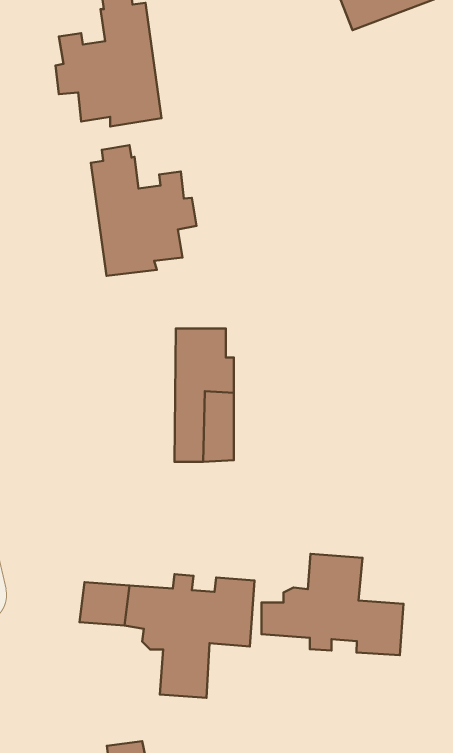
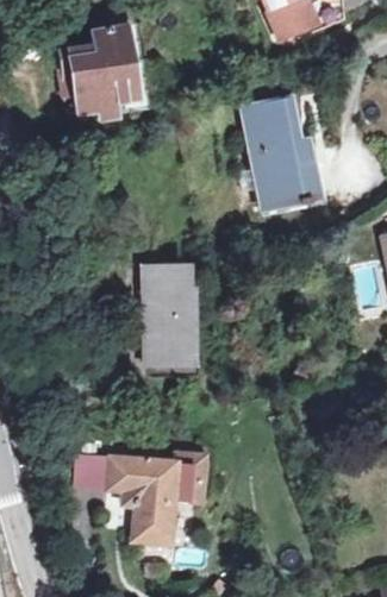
building: none -> [242,102,320,210]
building: [91,145,196,276] -> none
building: [261,554,404,655] -> none

